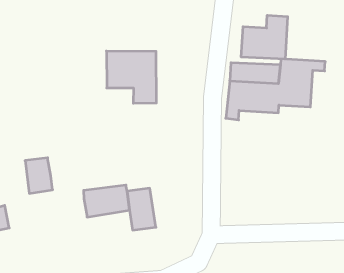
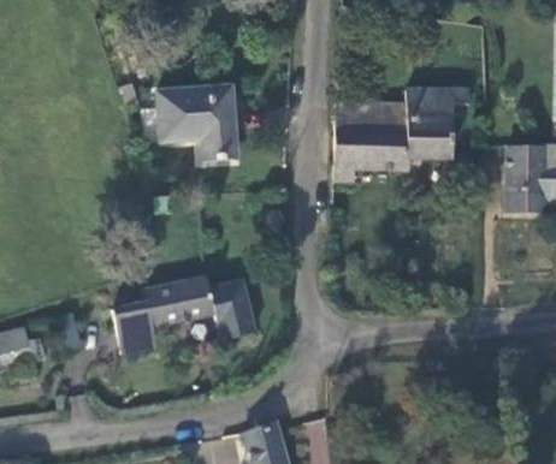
building: [241,15,288,59] -> none
building: [25,158,53,193] -> [108,304,149,356]

